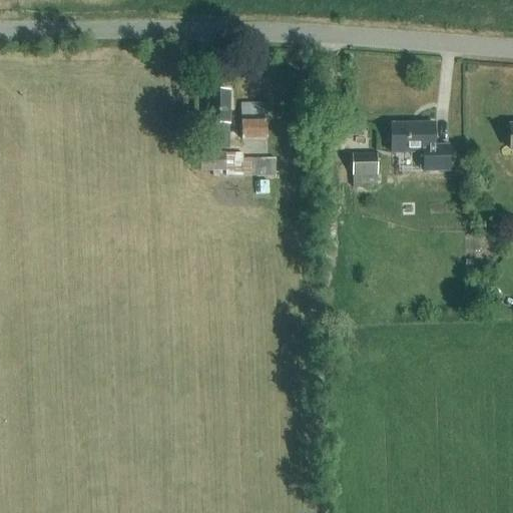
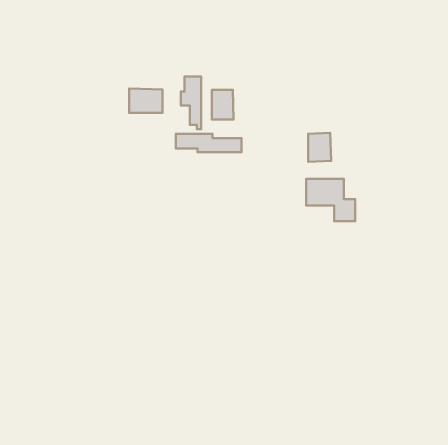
building: none -> [129,88,162,113]
building: [392,121,448,169] -> [306,179,355,221]

